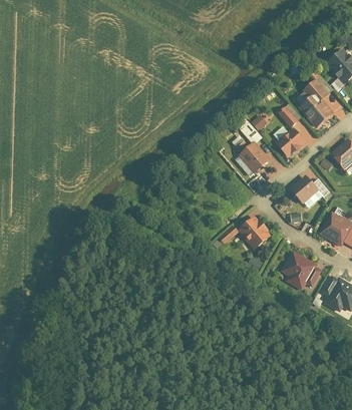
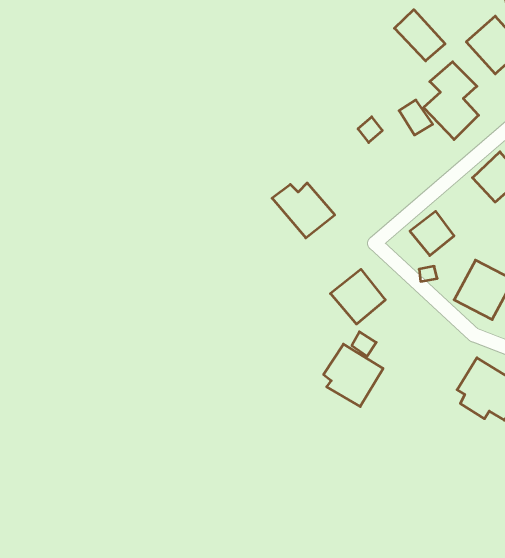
building: none -> [394,10,445,61]
building: [275,125,307,157] -> none
building: [232,139,273,175] -> [272,183,335,238]
building: [279,250,318,291] -> [324,344,383,407]

